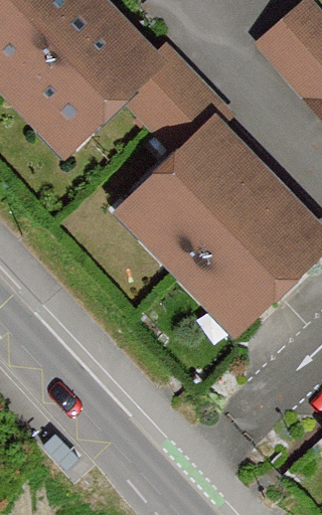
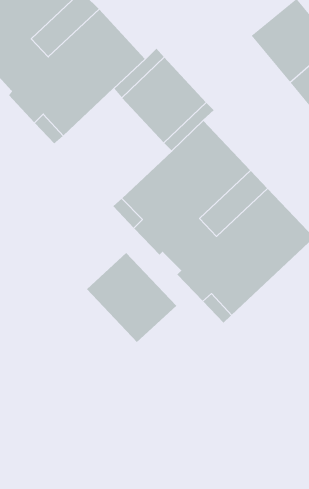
building: none -> [86,252,177,343]

